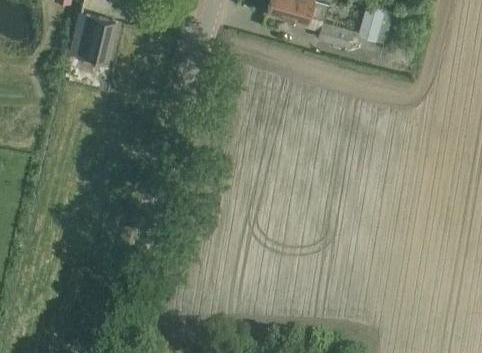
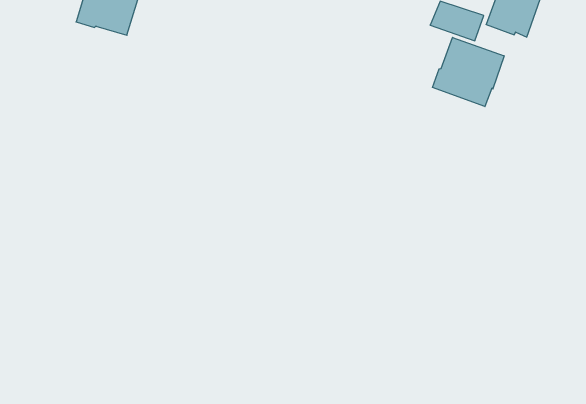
building: none -> [432,37,504,107]

